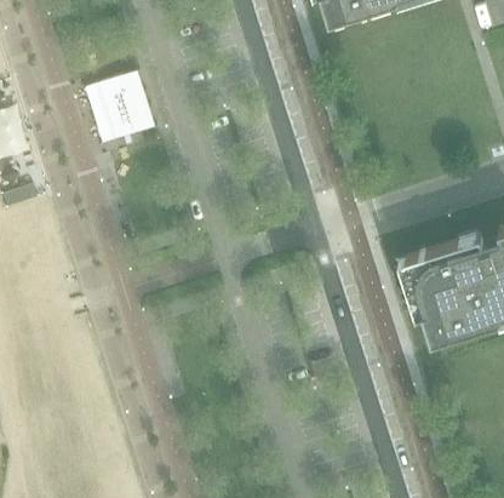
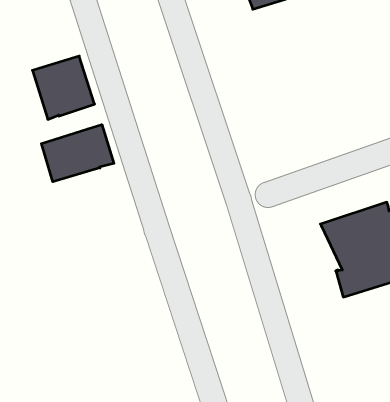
building: none -> [41,125,114,182]

